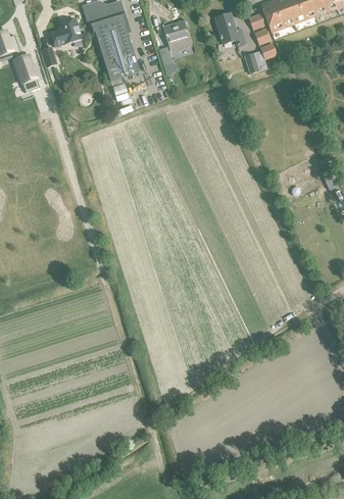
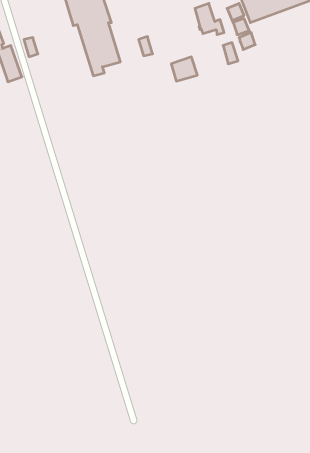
building: [51,17,82,45] -> none
building: [163,18,190,43] -> [171,57,197,81]

